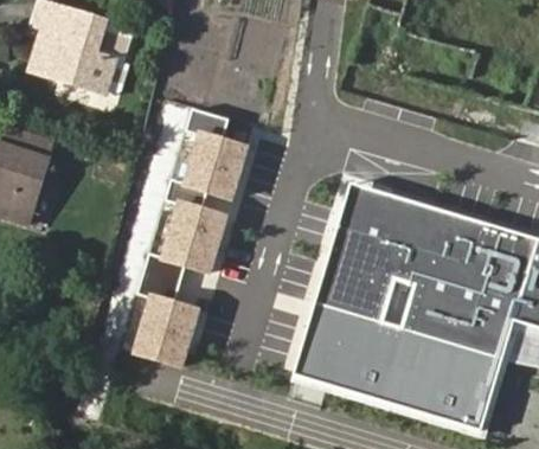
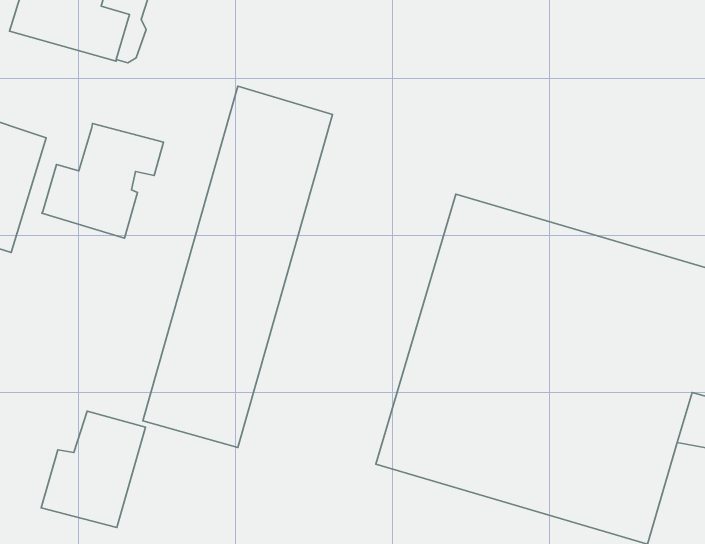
building: none -> [42,124,164,238]
building: none -> [41,411,145,527]

